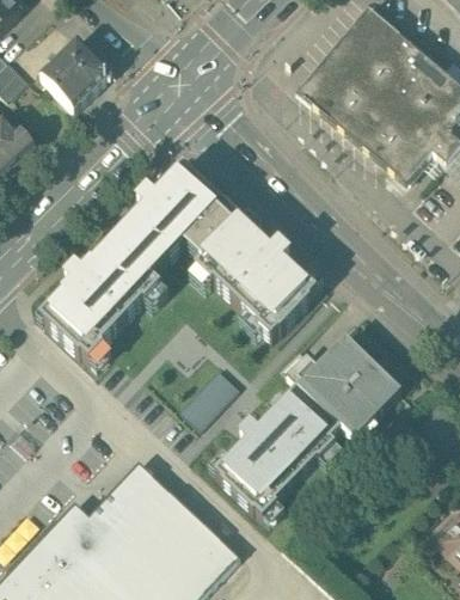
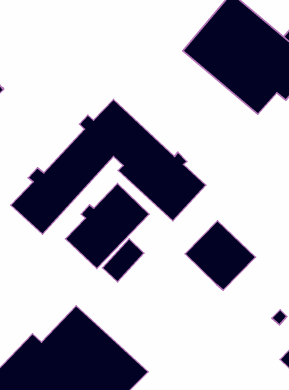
building: [38,41,104,111] -> none
building: [222,387,343,510] -> [66,184,149,269]

